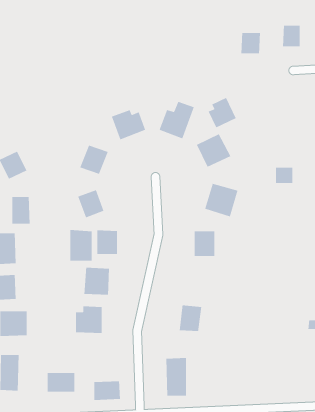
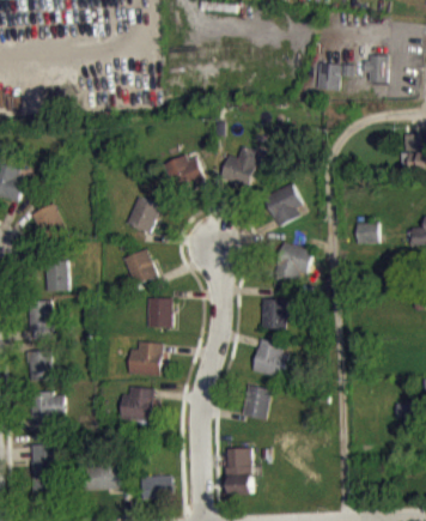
building: [207,97,237,128] -> none
building: [70,229,93,261] -> none
building: none -> [251,339,291,378]

